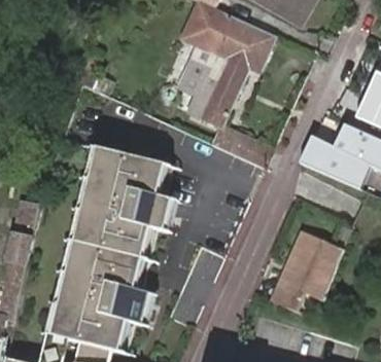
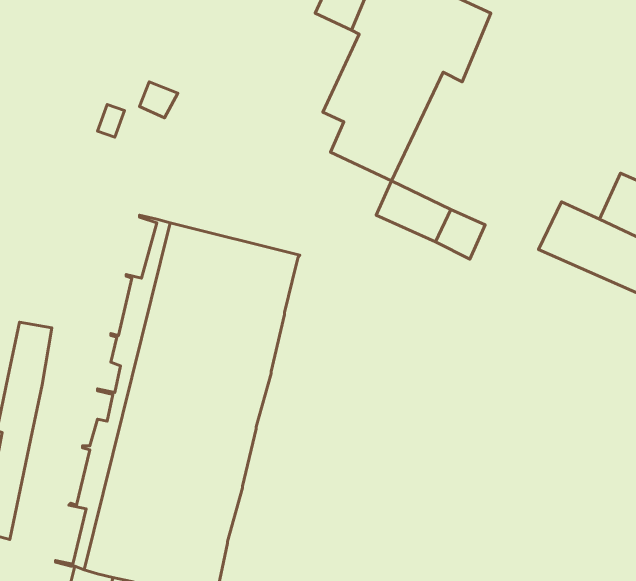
building: [264,225,346,318] -> none

